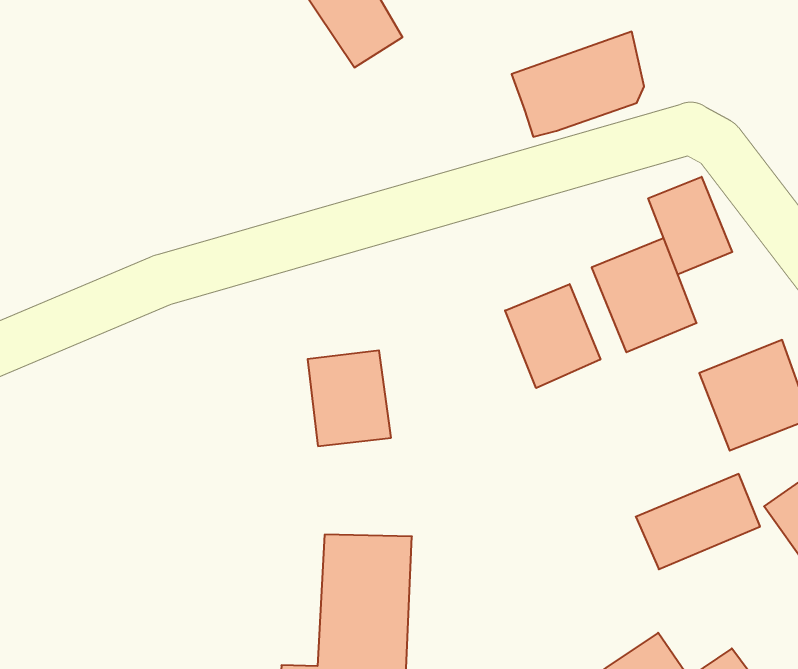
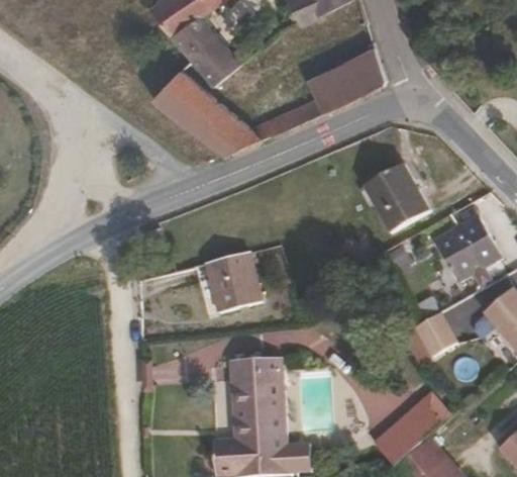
building: none -> [151,69,323,155]
building: [648,177,732,274] -> none
building: [505,284,600,388] -> none

